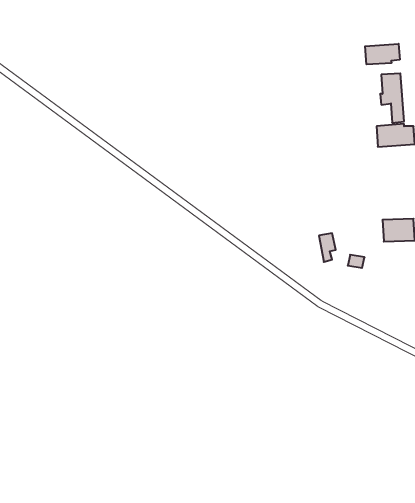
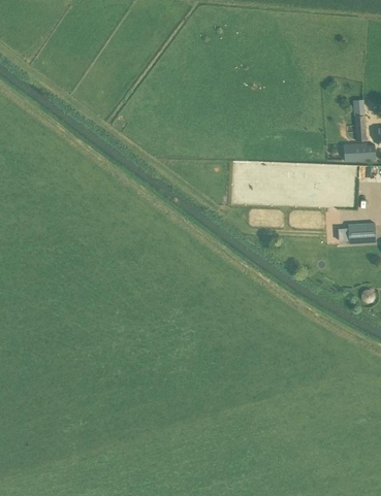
building: [365,44,400,64] -> none

